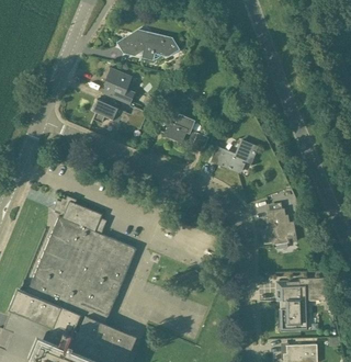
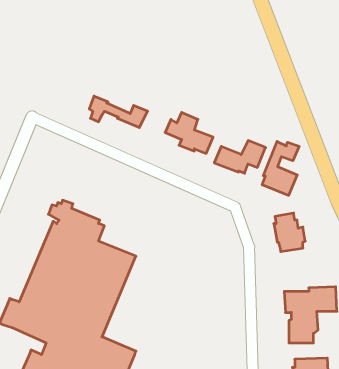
building: [125,33,177,60] -> none
building: [103,69,135,105] -> none
building: none -> [262,141,299,195]

